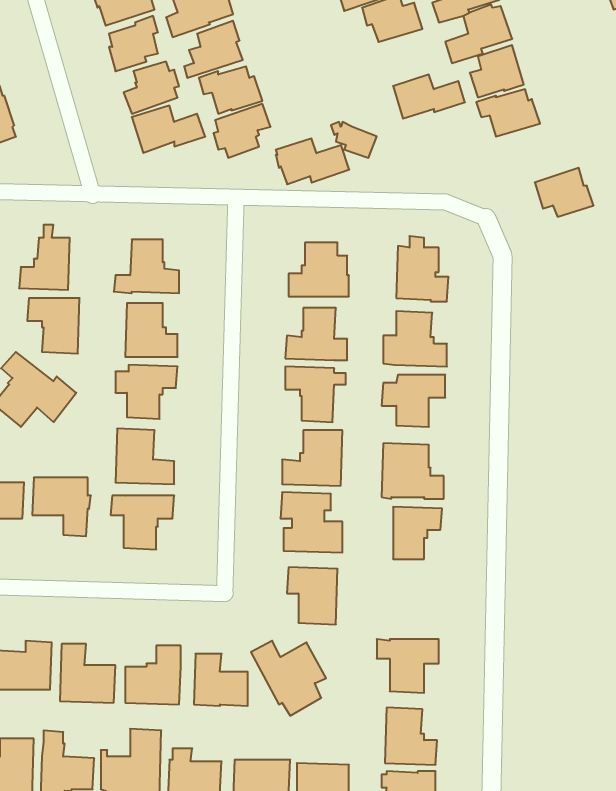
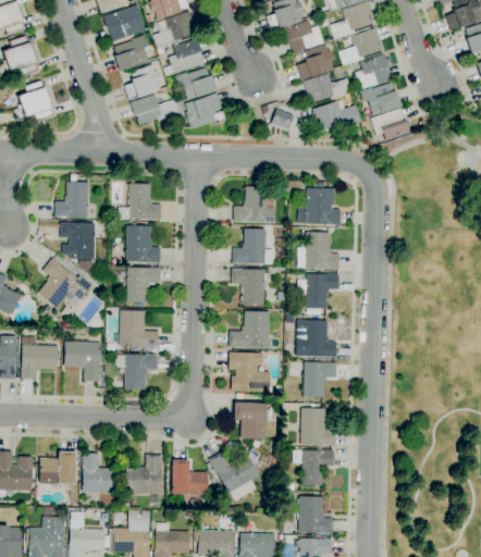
building: none -> [297,45,334,81]
building: [276,139,349,184] -> [312,101,361,132]
building: [535,168,594,217] -> [371,109,410,141]
building: none -> [300,408,335,446]

